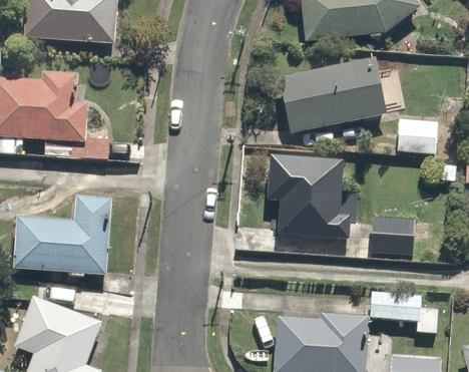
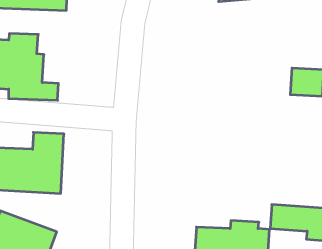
building: [279,60,387,131] -> none
building: [267,151,350,236] -> none
building: [372,214,415,254] -> none

